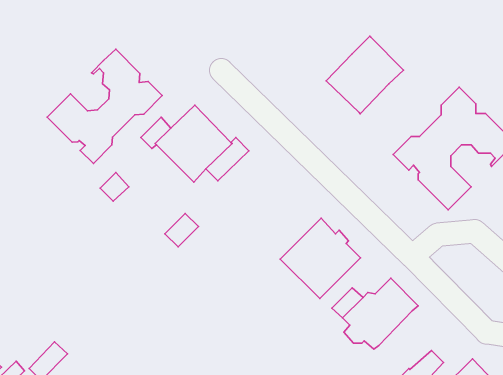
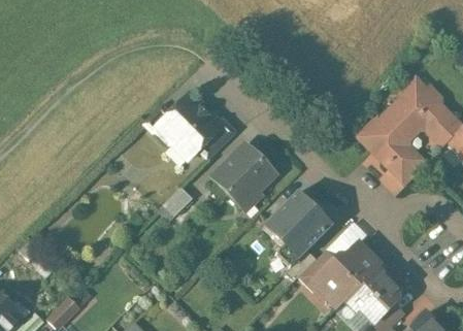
building: [326,36,404,114] -> none
building: [47,49,162,163] -> none
building: none -> [212,143,275,205]
building: none -> [348,269,397,320]

